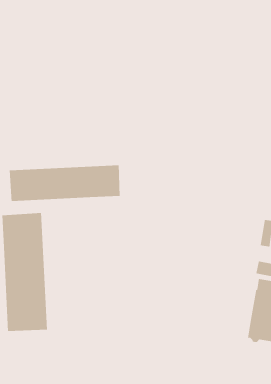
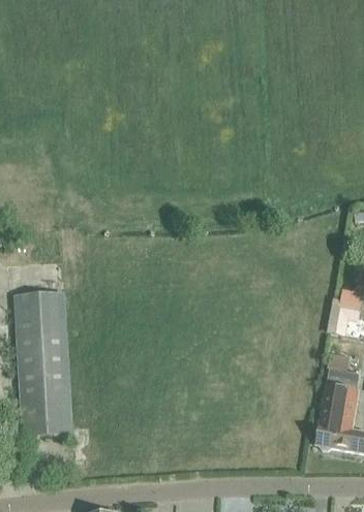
building: [9,164,120,202] -> none

